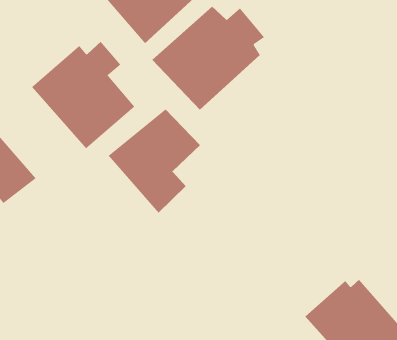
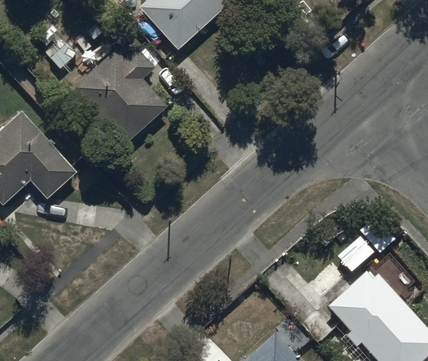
building: [152,6,265,110] -> none
building: [108,109,201,213] -> none

